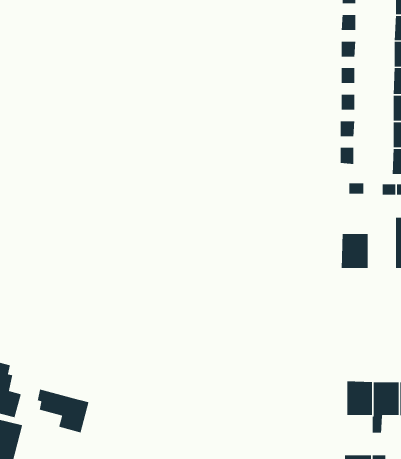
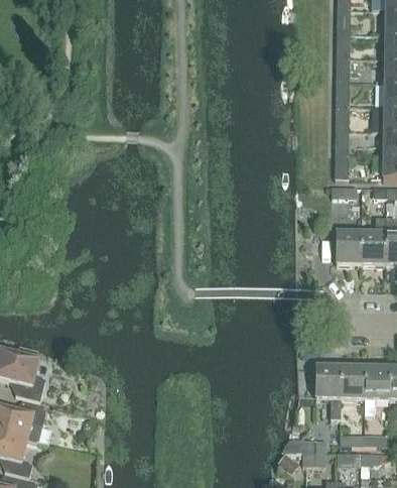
building: none -> [361,218,385,265]
building: none -> [315,367,341,419]
building: [37,389,90,434] -> none

